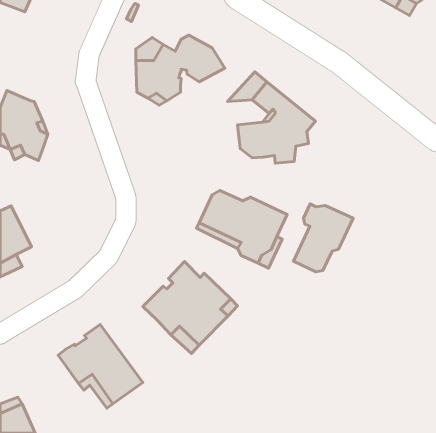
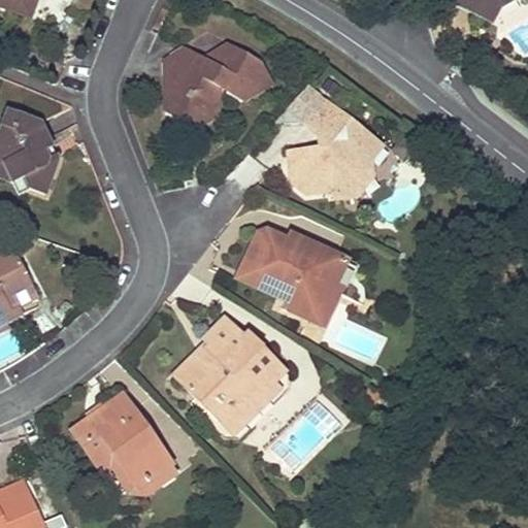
building: [294,204,353,272] -> none

